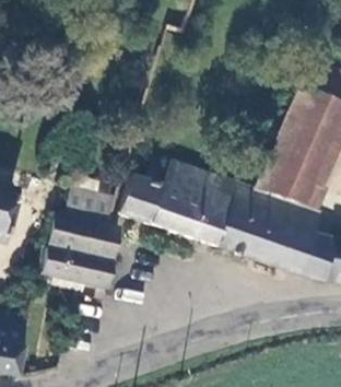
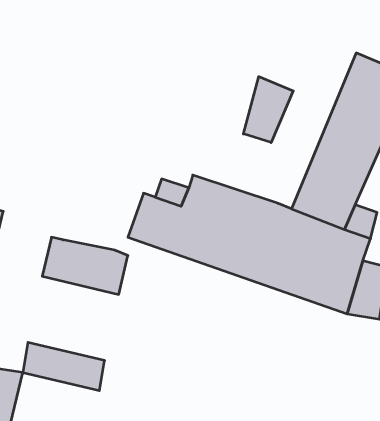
building: none -> [243,77,293,143]
building: [64,185,116,223] -> none
building: [43,245,111,285] -> [23,342,105,391]

